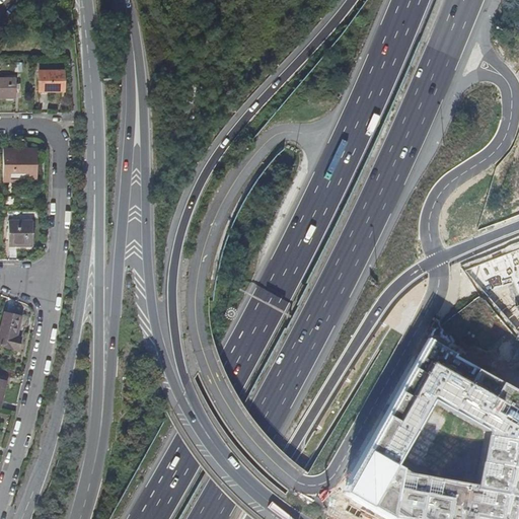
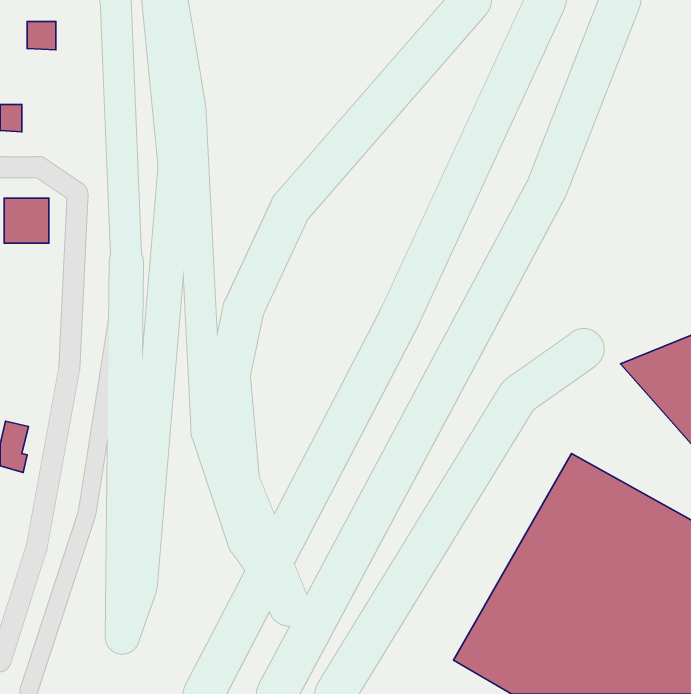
building: [41,70,62,91] -> [27,21,56,50]
building: [11,221,35,248] -> none

